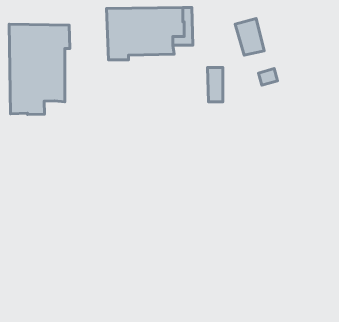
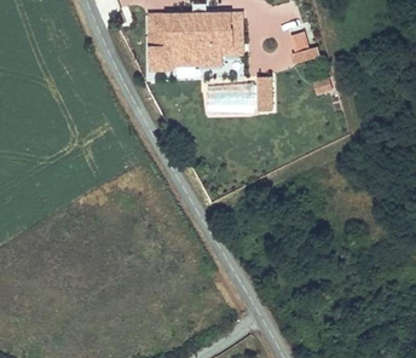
building: [9,24,70,115] -> none

